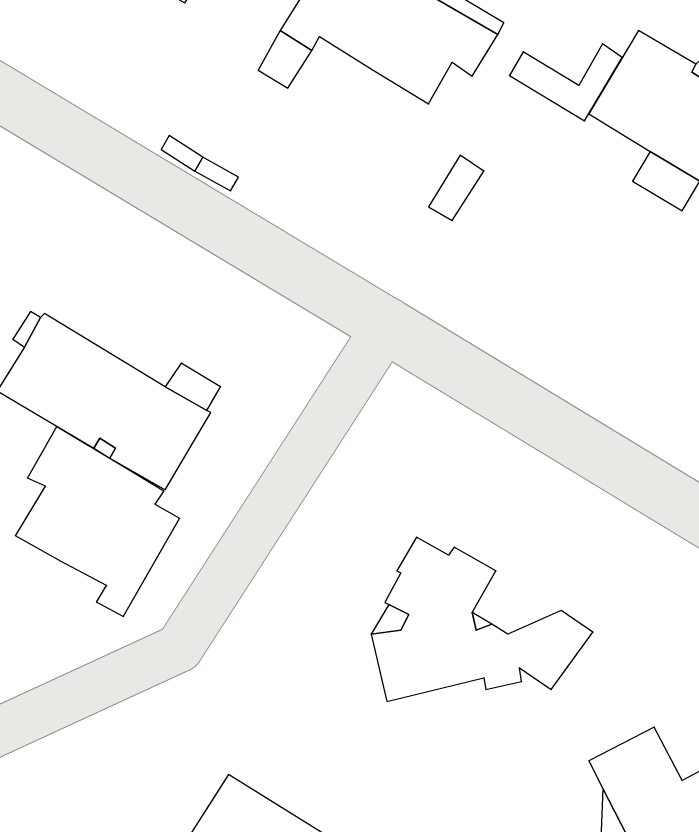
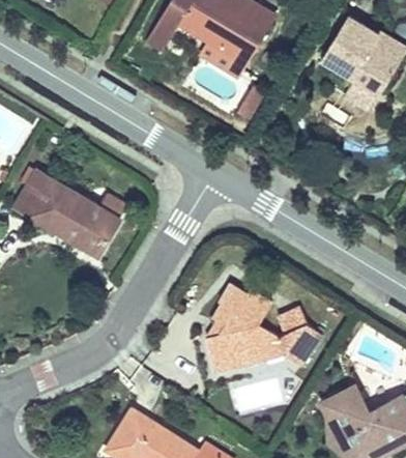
building: [509,44,622,121] -> [200,35,259,76]
building: [15,427,179,617] -> none

